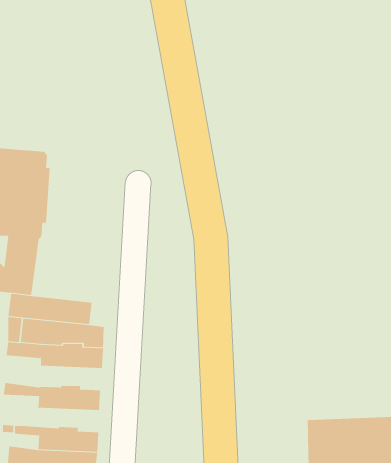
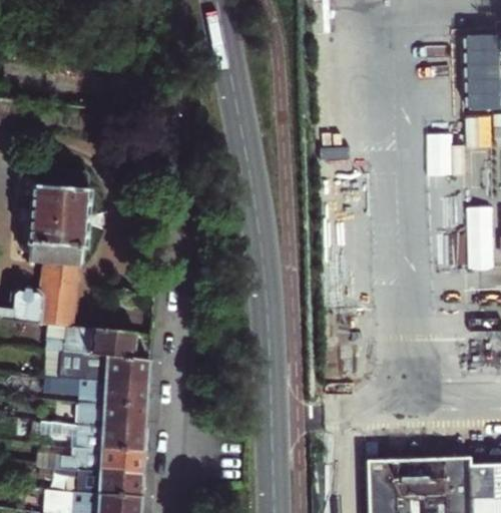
building: none -> [78,404,147,430]
building: none -> [60,449,144,475]

